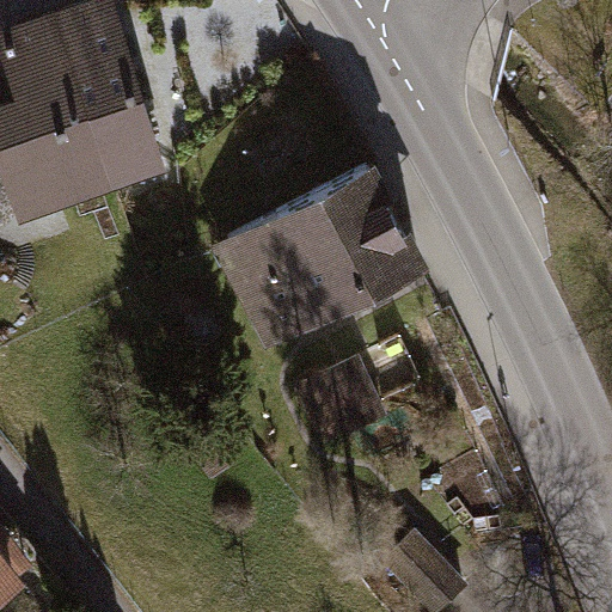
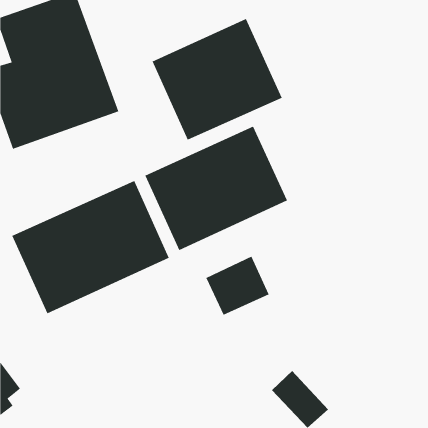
building: none -> [152,18,283,141]
building: none -> [12,180,170,314]

